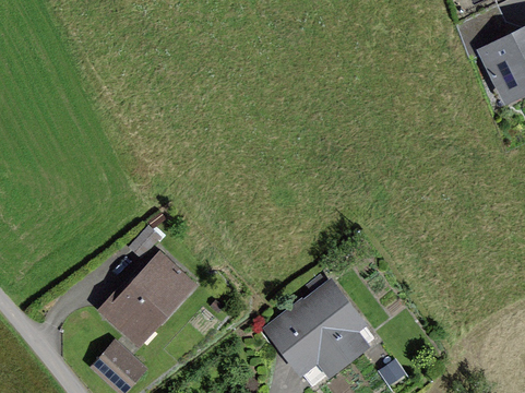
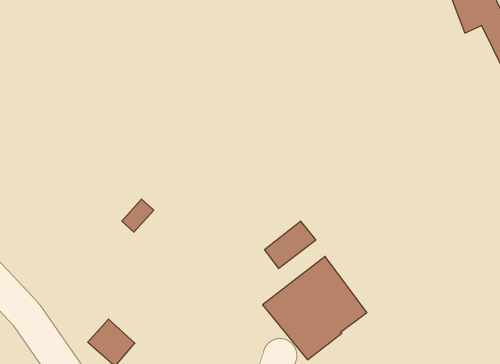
building: none -> [265,221,316,269]
building: [105,257,189,337] -> none

